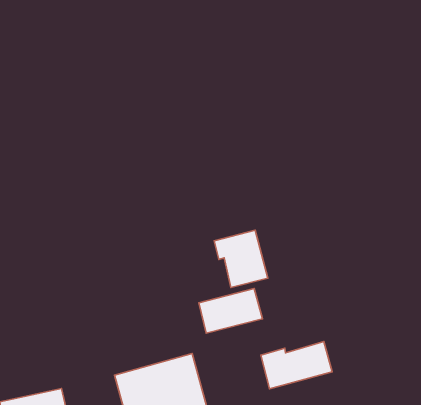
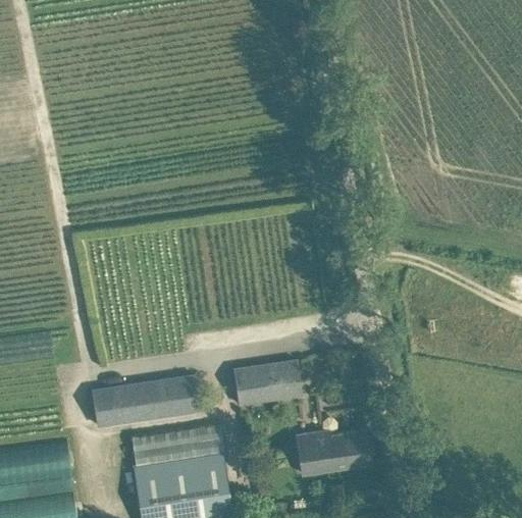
building: [214,230,268,288] -> none
building: none -> [91,374,201,428]

